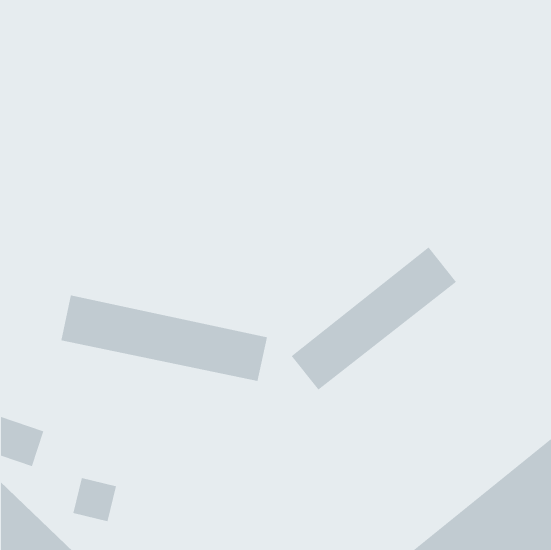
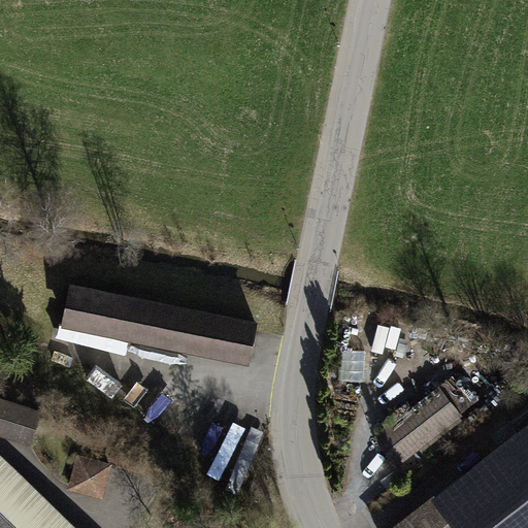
building: [291,247,457,390] -> none
building: none -> [375,381,476,472]

